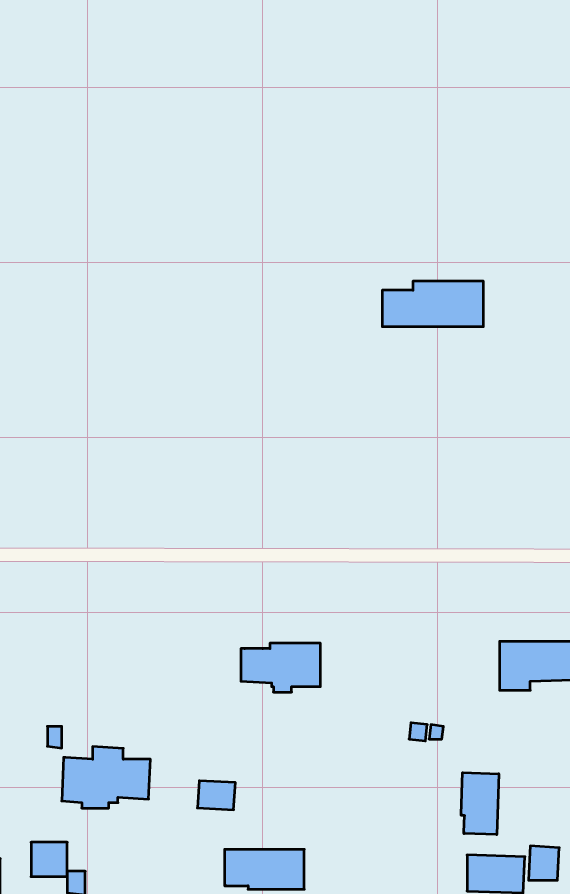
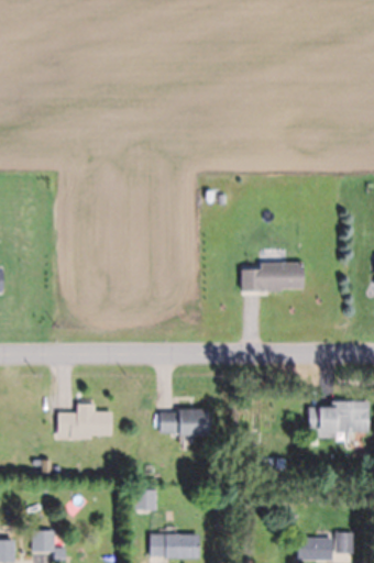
building: [382,281,483,327] -> [242,265,304,292]
building: [62,747,150,808] -> [57,404,111,441]
building: [461,773,499,835] -> none

